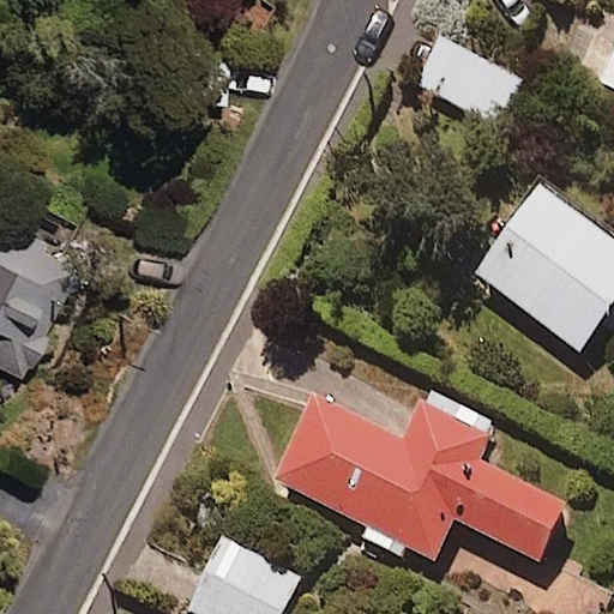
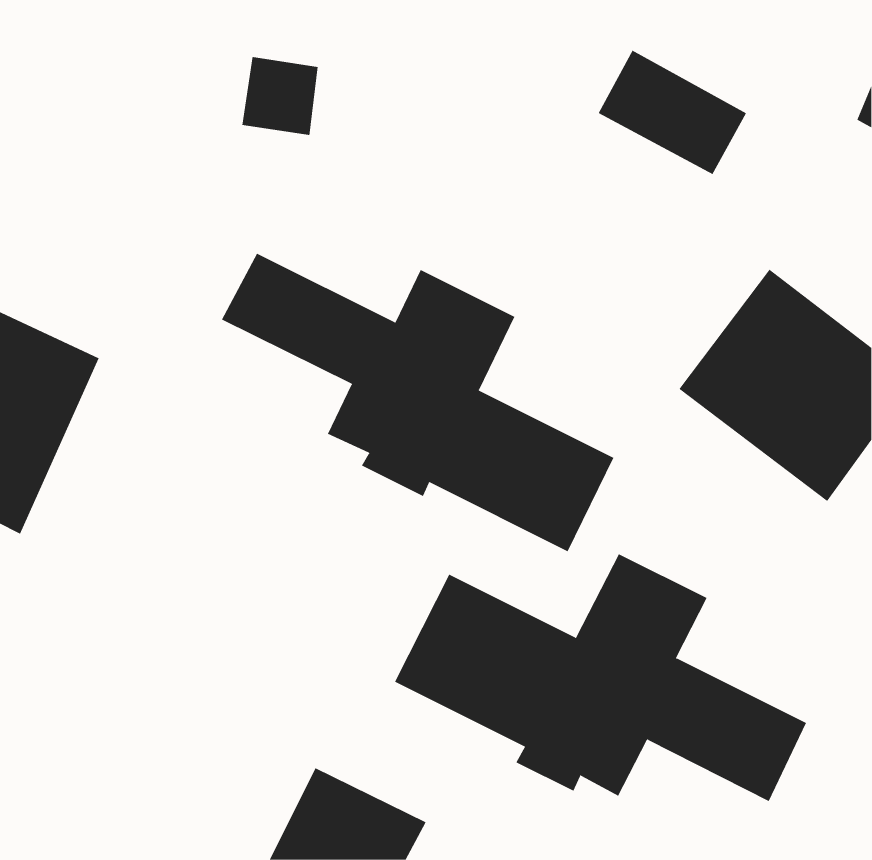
building: none -> [221,253,614,552]

